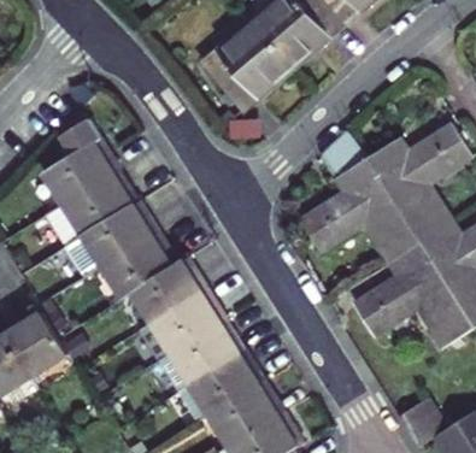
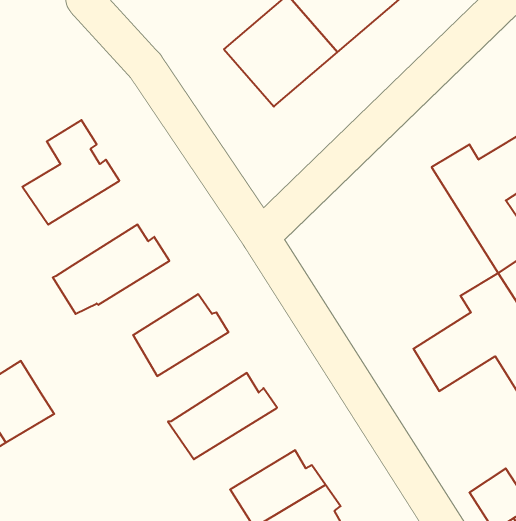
building: [300,128,421,261] -> none
building: [45,169,134,247] -> none
building: [102,233,172,298] -> none
building: [141,289,221,360] -> none
building: [178,349,259,420] -> none

